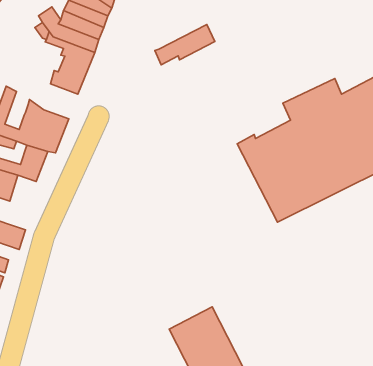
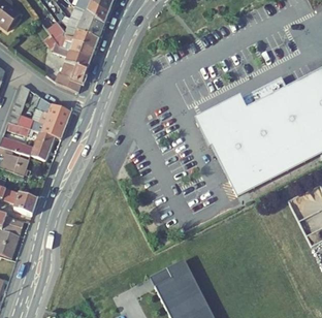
building: [155,24,215,65] -> [199,98,247,130]

